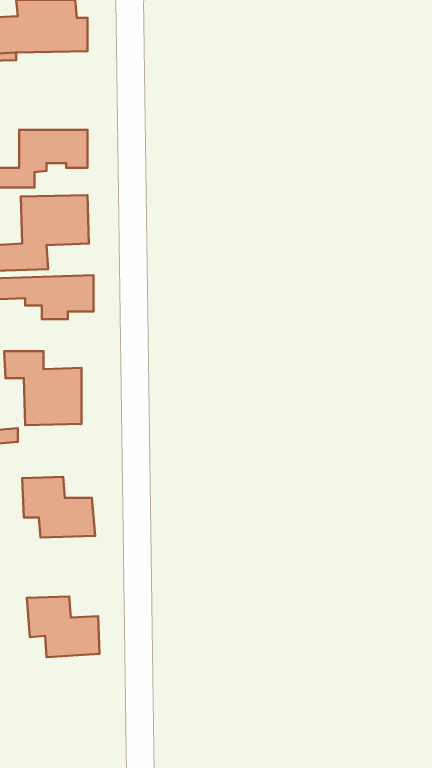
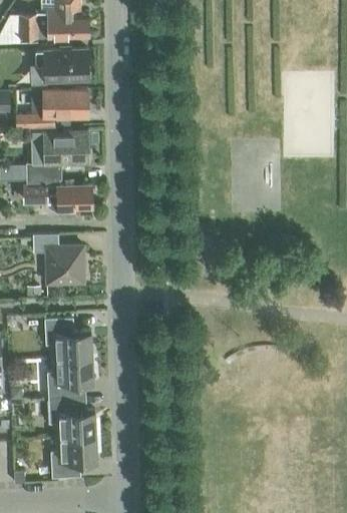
building: none -> [36,49,88,81]
building: none -> [47,357,94,398]
building: none -> [51,435,97,477]

